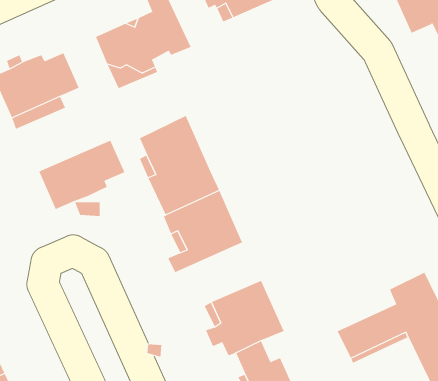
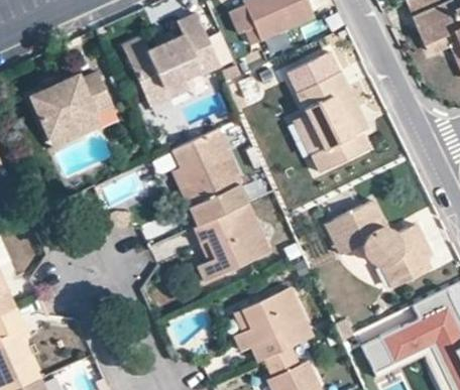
building: none -> [290,50,369,173]
building: [39,140,125,210] -> none
building: none -> [325,198,432,286]

